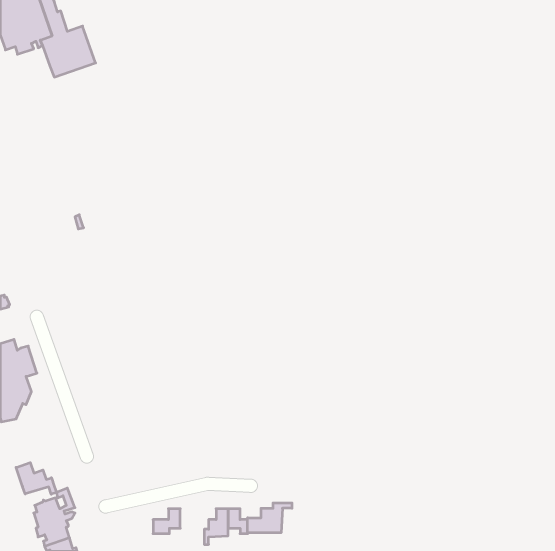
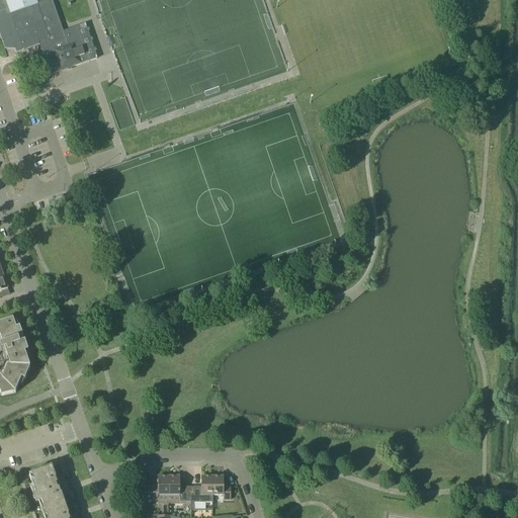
building: [16,463,56,494] -> none
building: [248,503,292,533] -> none
building: none -> [168,474,190,502]

